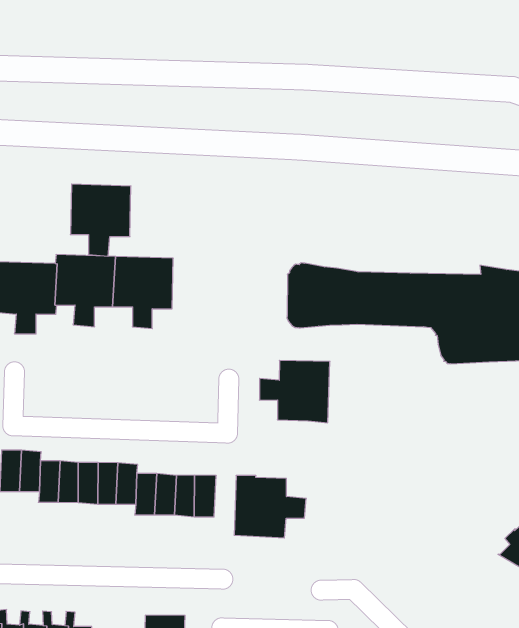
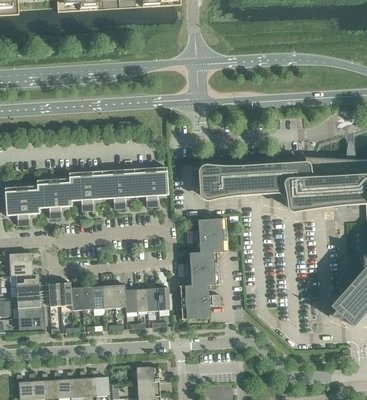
building: [70,184,131,256] -> [133,167,168,207]
building: none -> [178,252,218,286]

